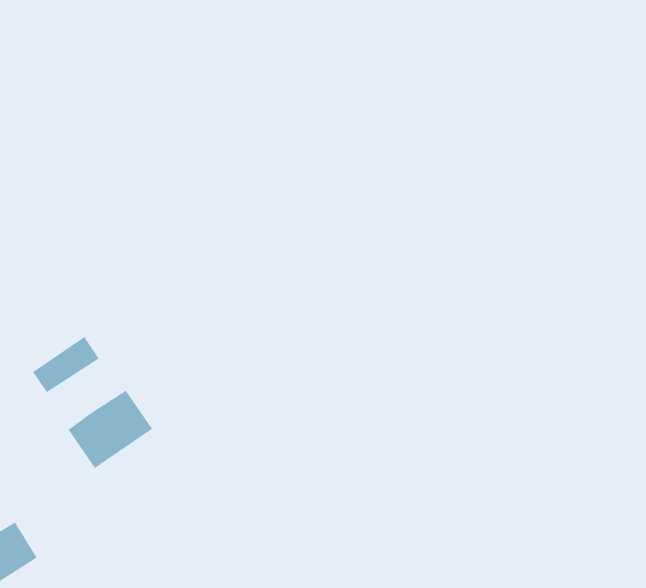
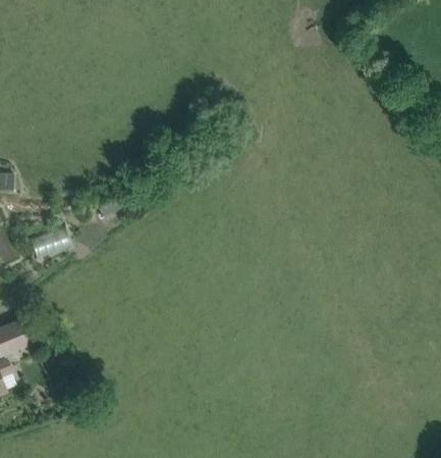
building: [68,390,153,469] -> none

